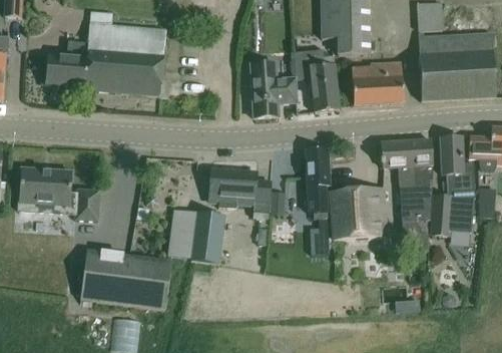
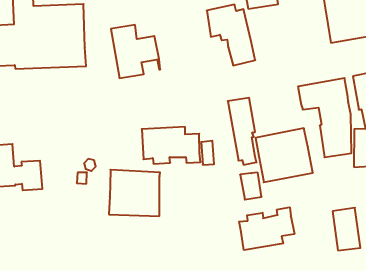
building: [352,61,403,104] -> none
building: [249,63,297,117] -> [111,25,160,78]
building: [80,249,171,310] -> none
building: none -> [239,207,294,250]

